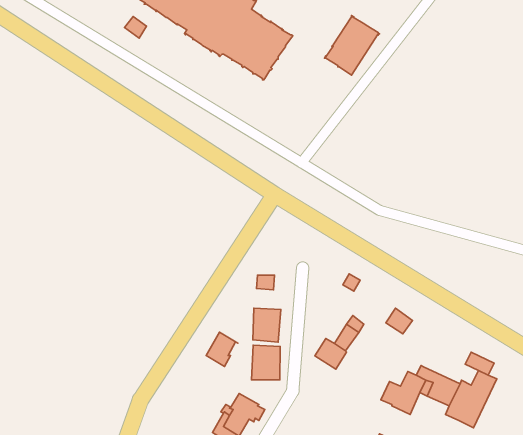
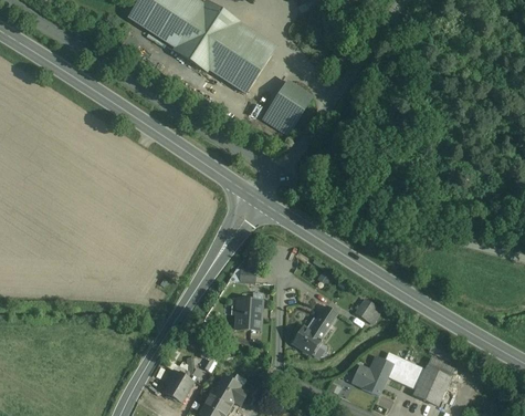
building: [325,15,379,75] -> [262,80,312,134]
building: [206,332,238,366] -> [164,371,192,402]
building: [251,345,280,380] -> none

